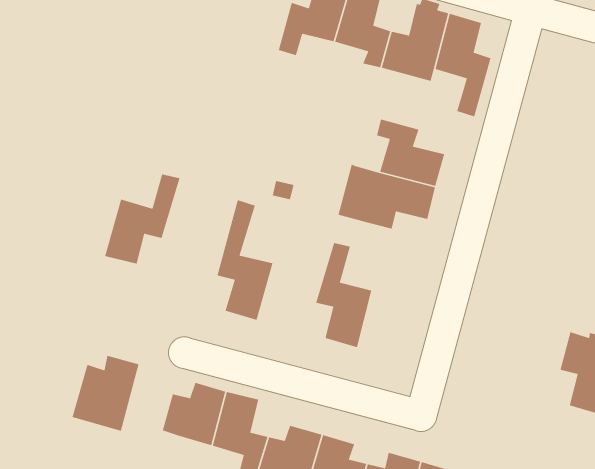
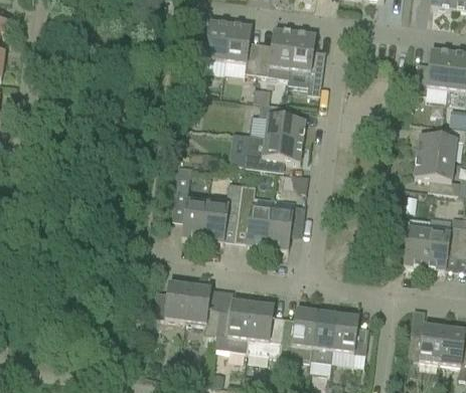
building: [104,174,180,264] -> [202,182,243,240]
building: none -> [267,197,305,249]
building: [72,355,140,432] -> none

